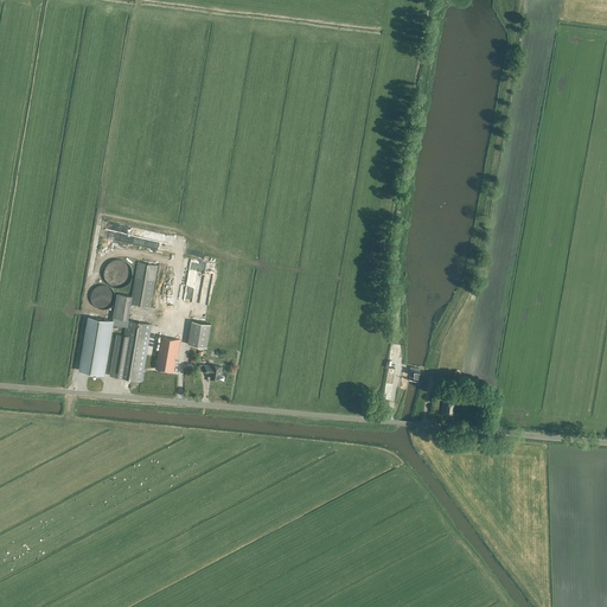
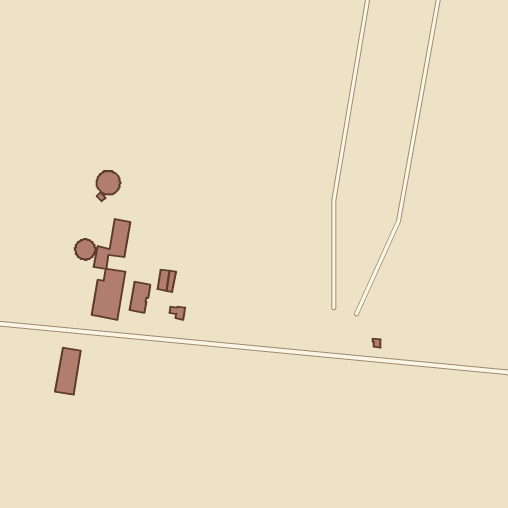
building: [103,261,132,288] -> [97,171,121,194]
building: [79,319,110,375] -> [55,348,81,395]

